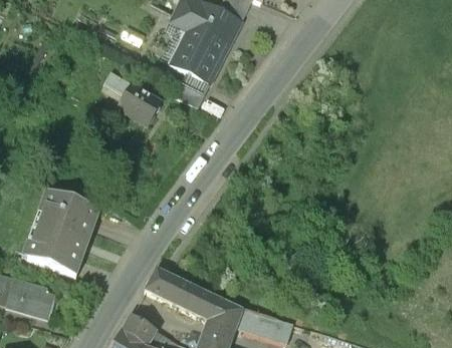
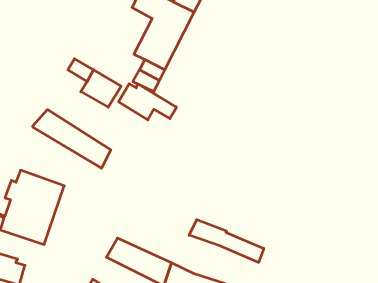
building: none -> [119,84,176,120]
building: none -> [33,110,111,168]
building: none -> [189,220,264,262]

